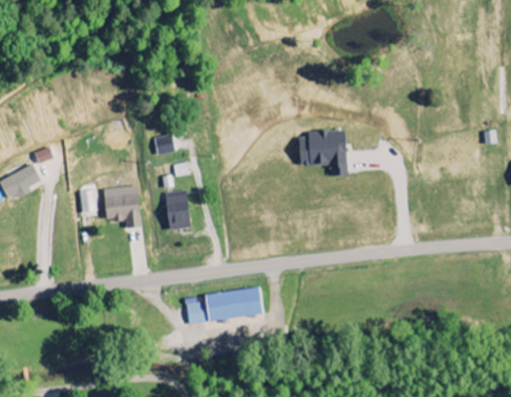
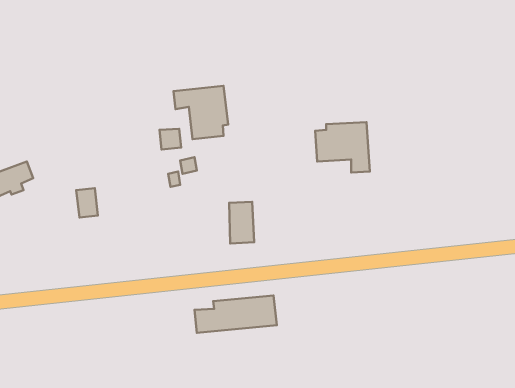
building: none -> [174,86,228,139]
building: [166,190,189,228] -> [229,202,254,243]
building: [103,193,141,227] -> none

